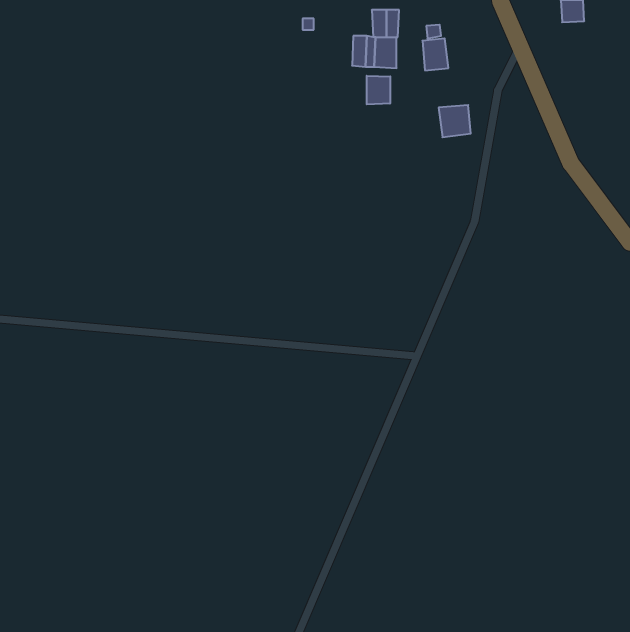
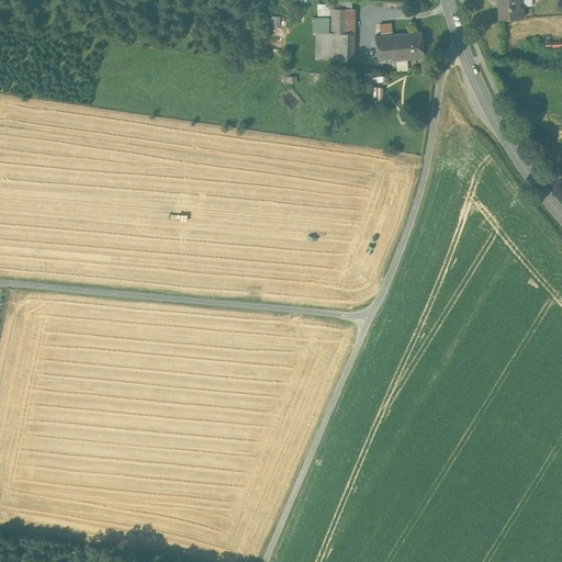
building: [367,76,390,104] -> none
building: [439,105,471,137] -> [395,32,424,60]

